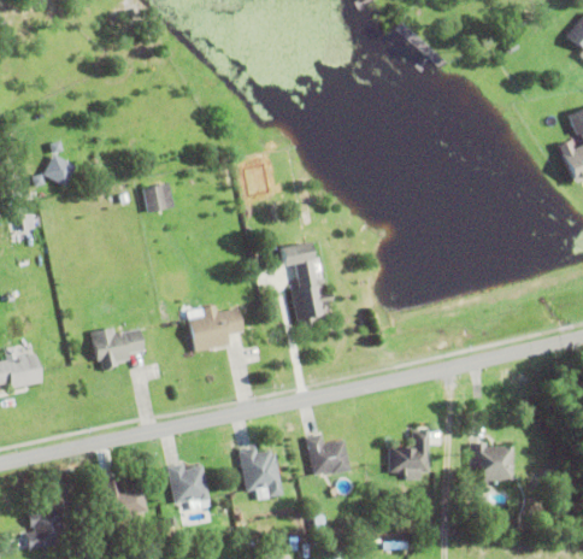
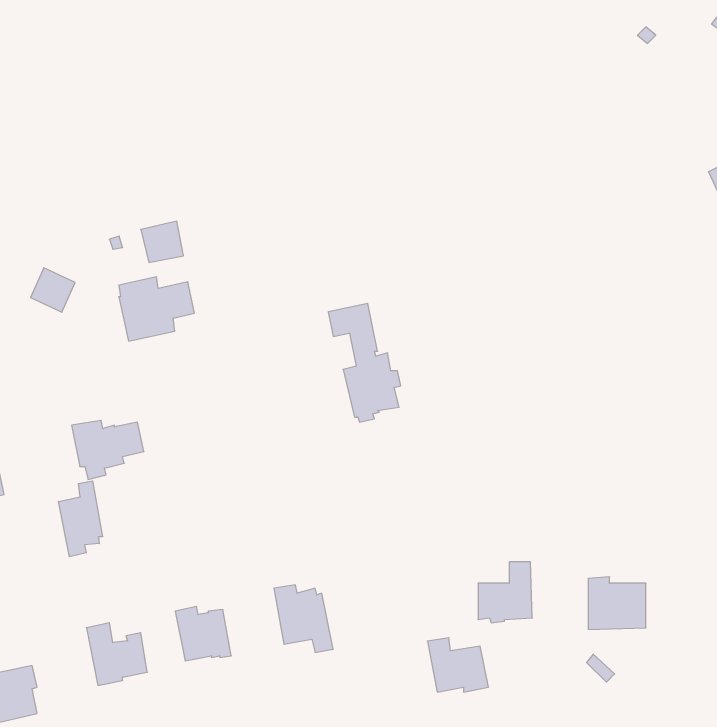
building: [46,152,78,184] -> [31,268,75,312]
building: [188,305,243,352] -> [119,277,194,341]
building: none -> [58,481,102,557]
building: [306,435,351,475] -> [427,638,488,692]

